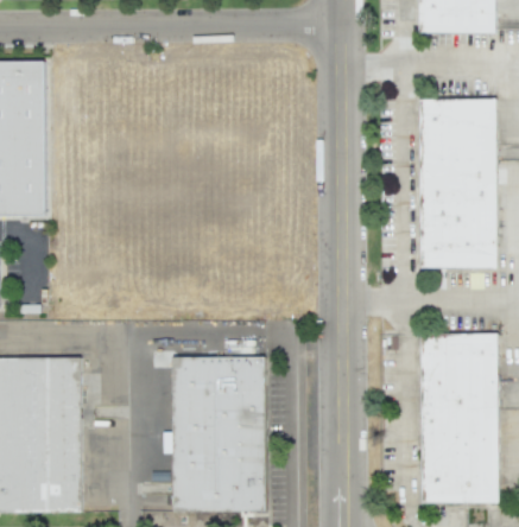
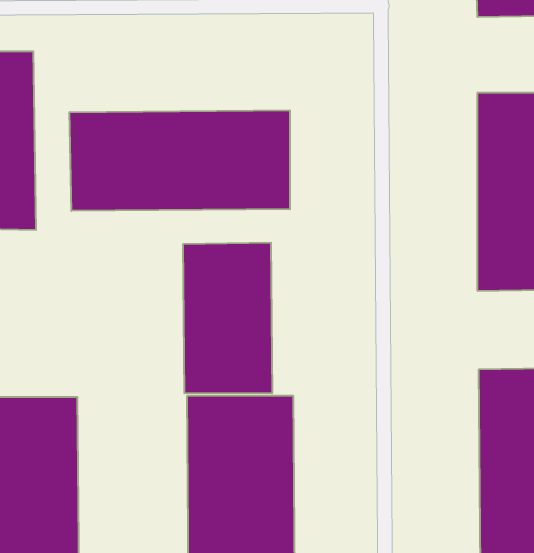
building: none -> [70,110,290,211]
building: none -> [183,243,272,393]

